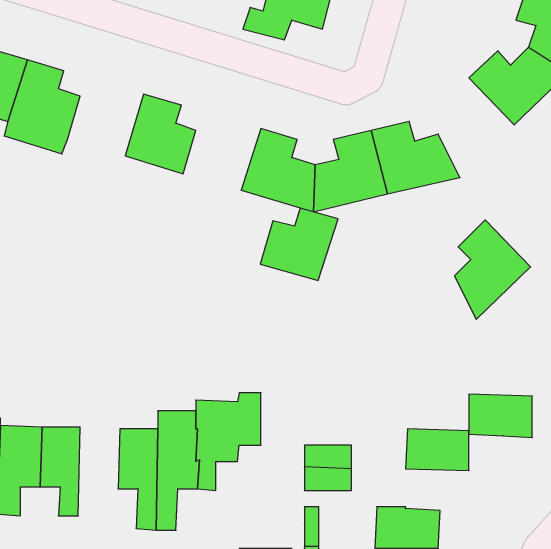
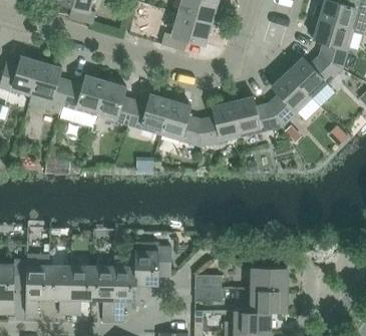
building: none -> [63,75,105,115]
building: [260,208,338,280] -> [127,94,170,134]
building: [455,220,531,319] -> [269,72,311,127]
building: [469,394,532,438] -> [251,289,286,313]
building: none -> [69,266,92,315]

